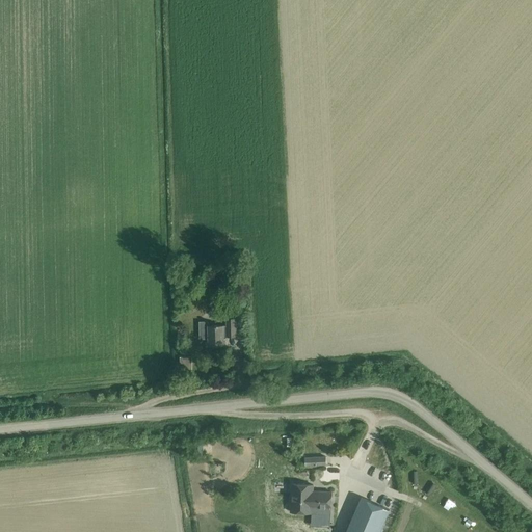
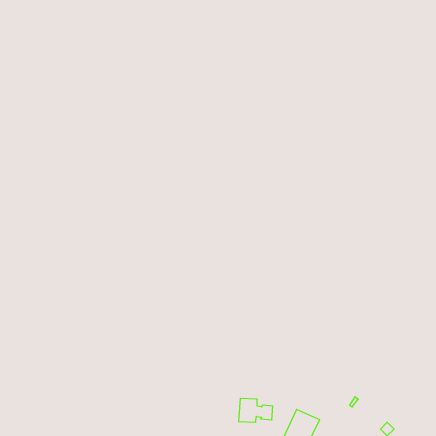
building: [209,319,237,345] -> none

